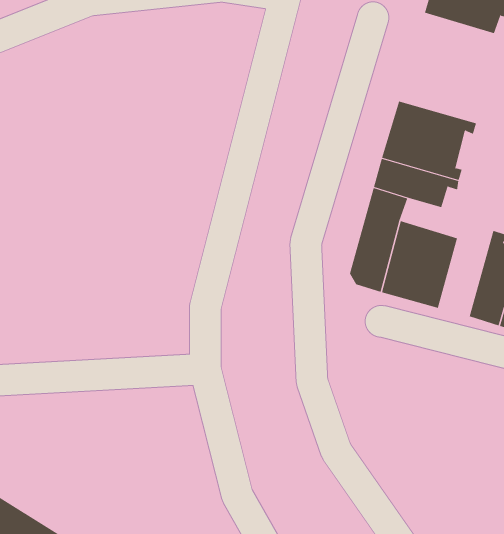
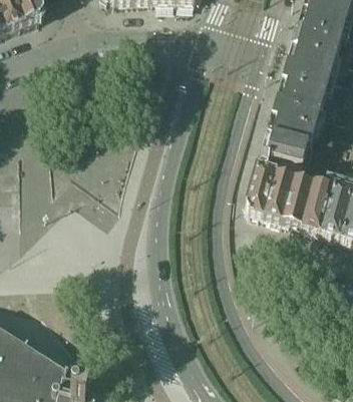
building: none -> [277,38,338,107]
building: none -> [302,172,336,229]

